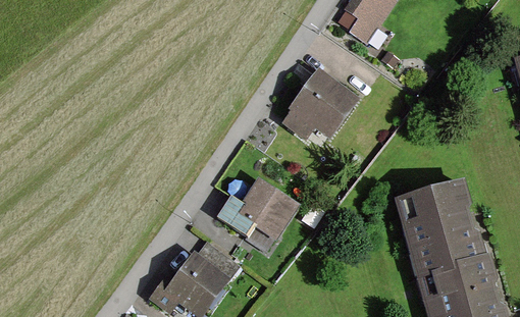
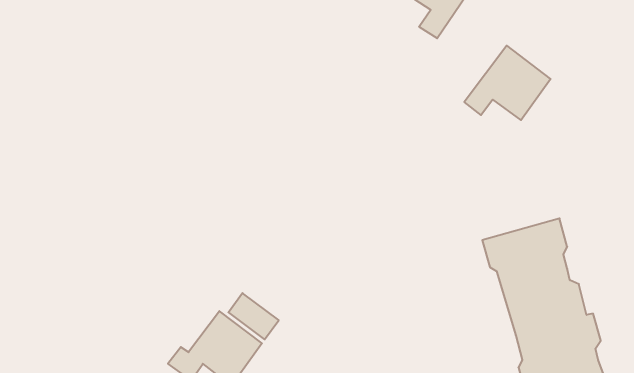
building: [283,74,352,134] -> [464,46,551,120]
building: [216,181,290,248] -> none

